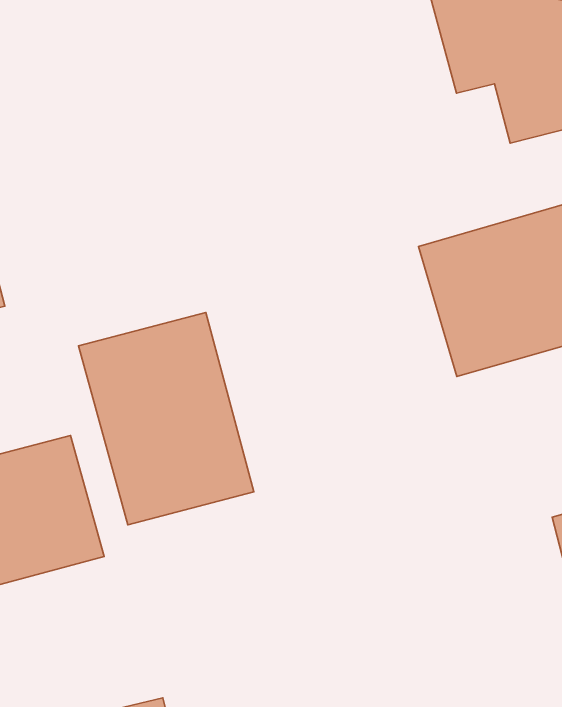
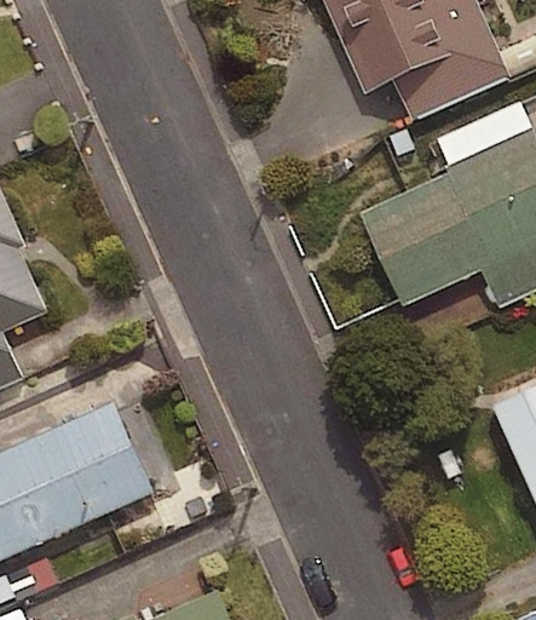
building: [78,312,254,525] -> none

